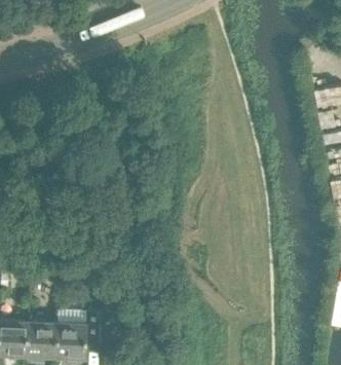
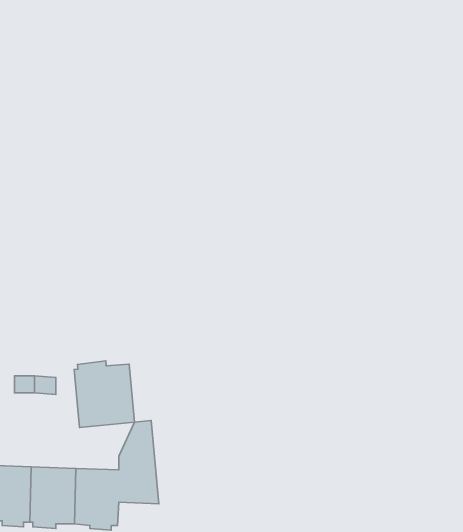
building: none -> [74,361,134,428]

